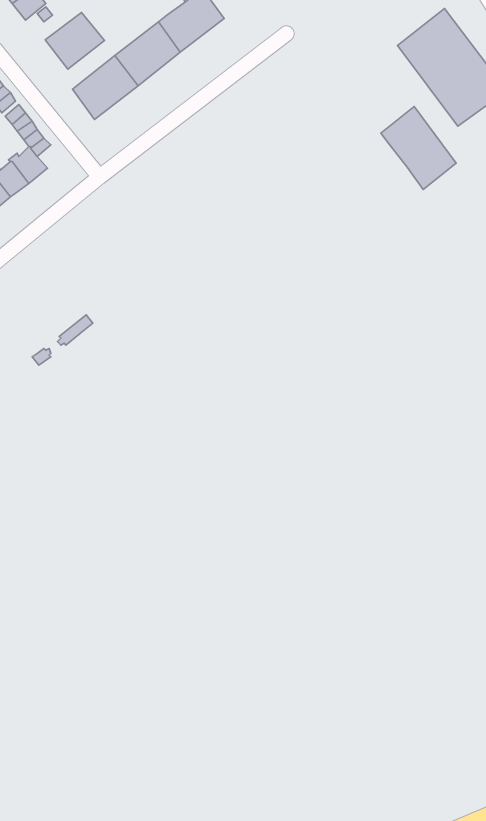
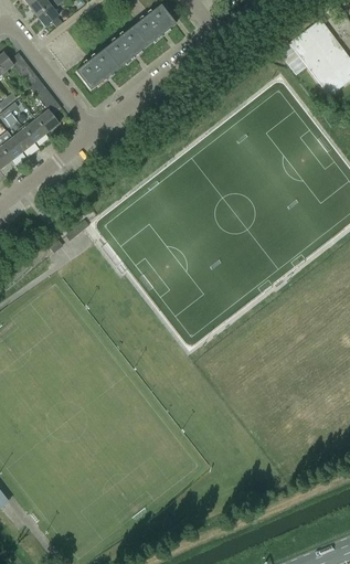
building: [45,13,104,69] -> none
building: [381,107,456,190] -> none

